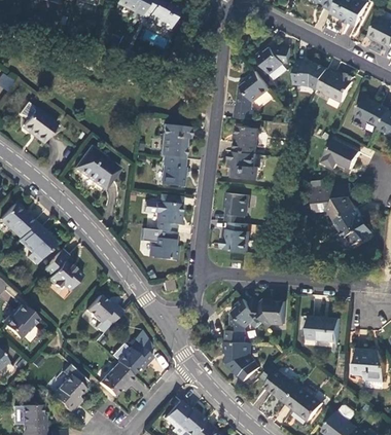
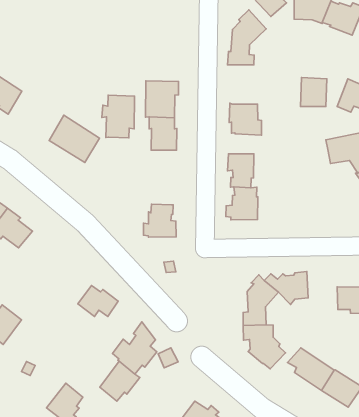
building: [235,126,259,153] -> [301,78,327,107]
building: [153,194,183,232] -> [102,95,135,138]
building: [43,250,80,290] -> none

